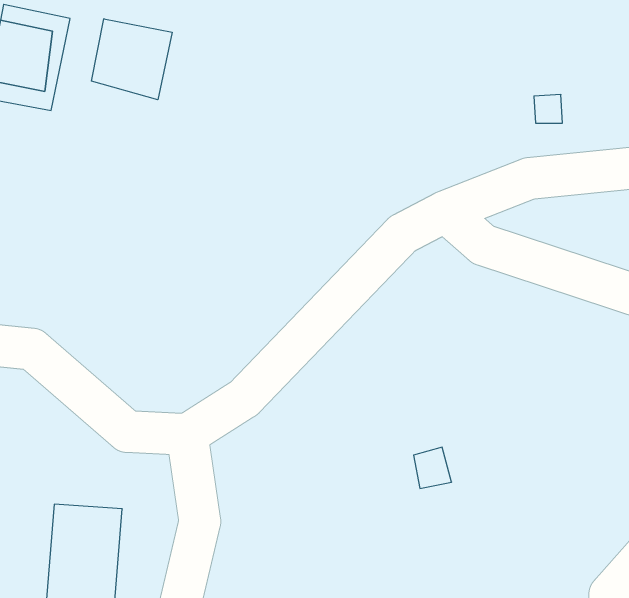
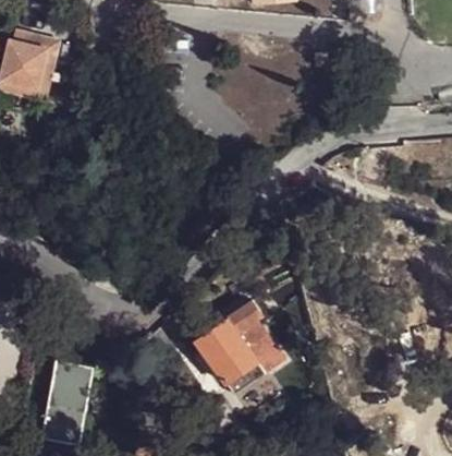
building: [92,19,172,100] -> none
building: none -> [197,299,274,381]

